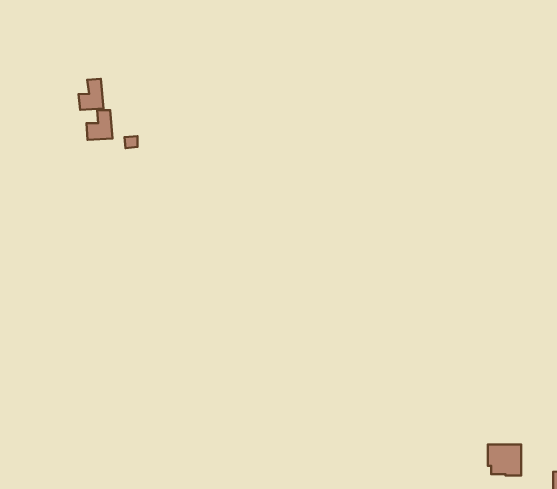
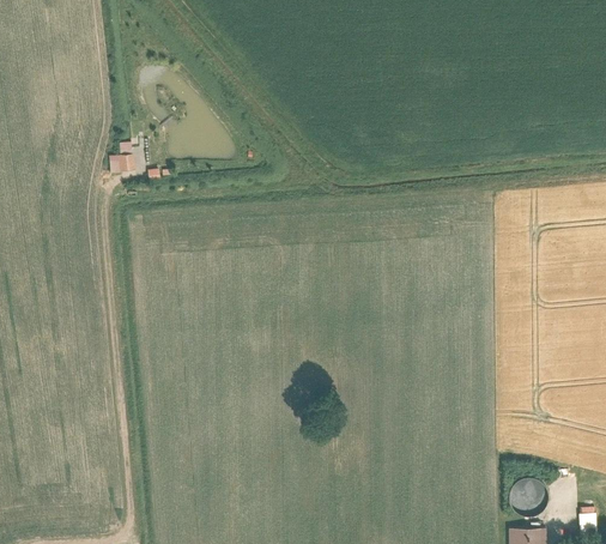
building: [78,79,103,110] -> none

